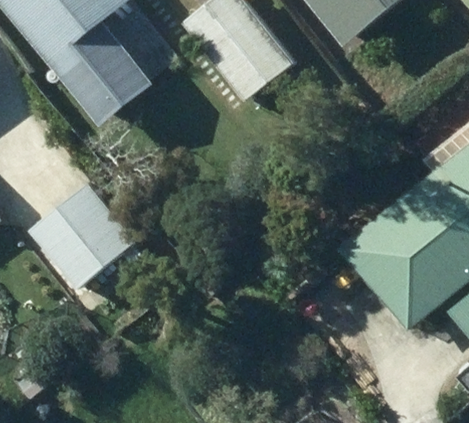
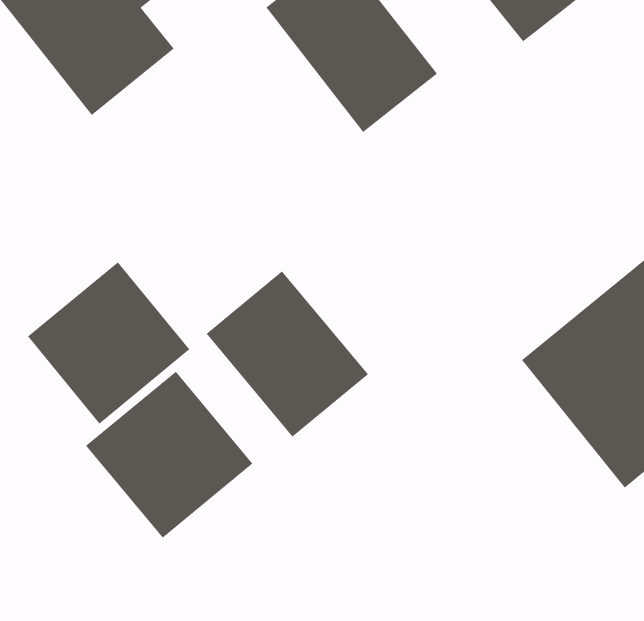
building: none -> [206,270,369,438]
building: none -> [85,371,253,538]

